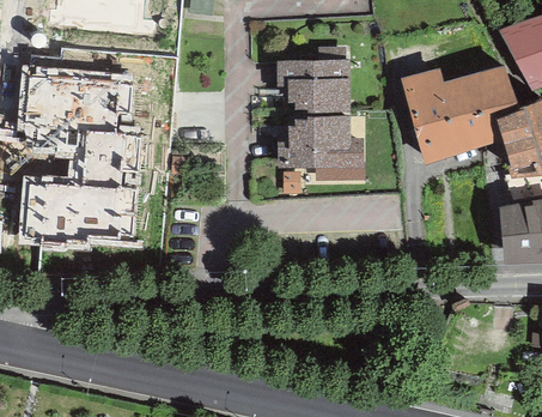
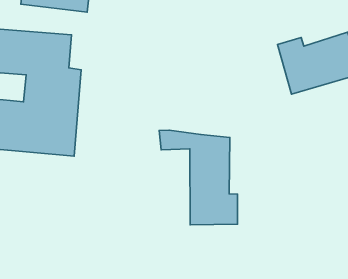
building: [285,62,347,164] -> none
building: none -> [159,130,237,225]

